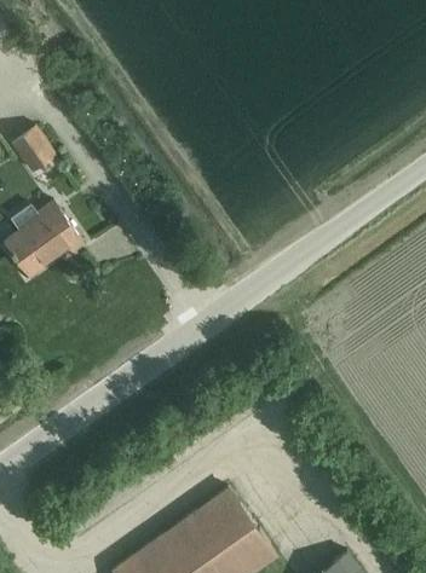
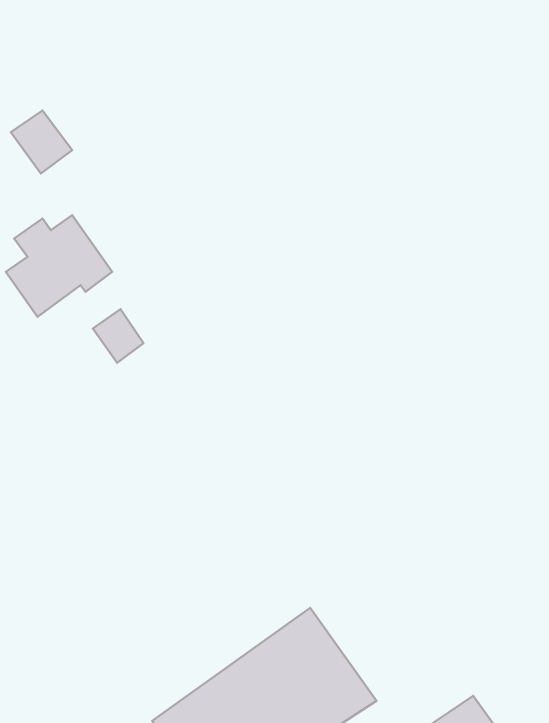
building: none -> [93,309,144,363]

